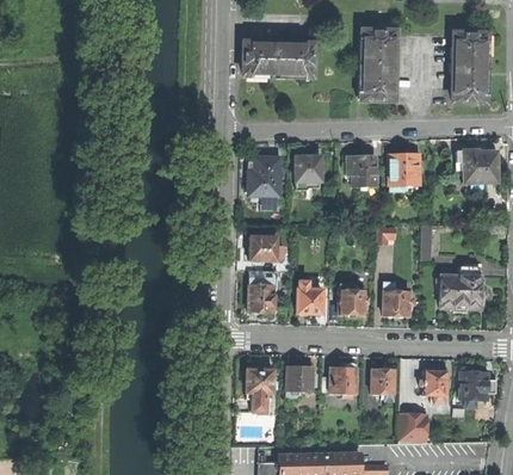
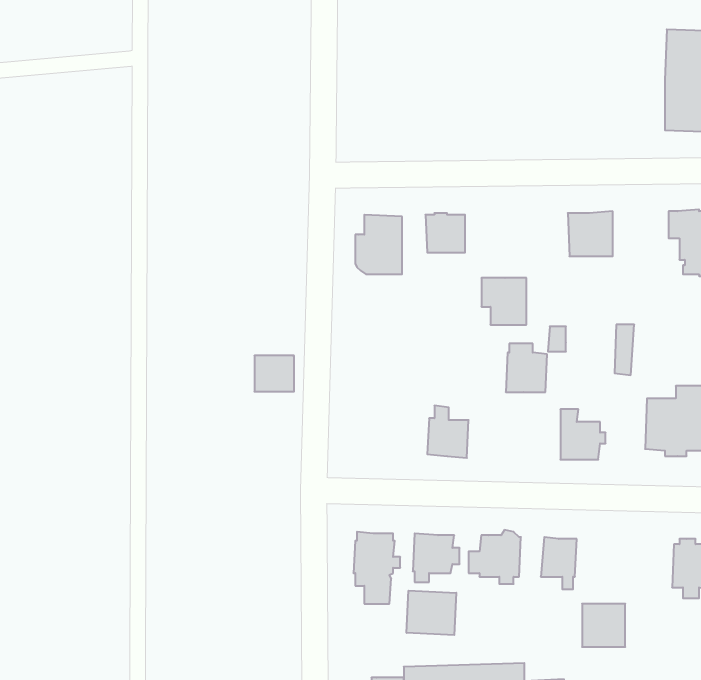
building: [361,30,395,98] -> none
building: [245,42,313,75] -> none
building: [346,154,376,185] -> [481,278,526,325]
building: [249,235,276,259] -> [254,356,294,392]
building: [251,279,277,313] -> none
building: [339,285,366,317] -> [506,344,547,392]
building: [424,371,447,405] -> none
building: none -> [407,591,456,635]

